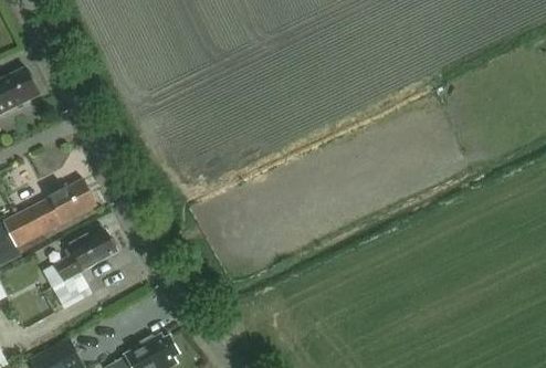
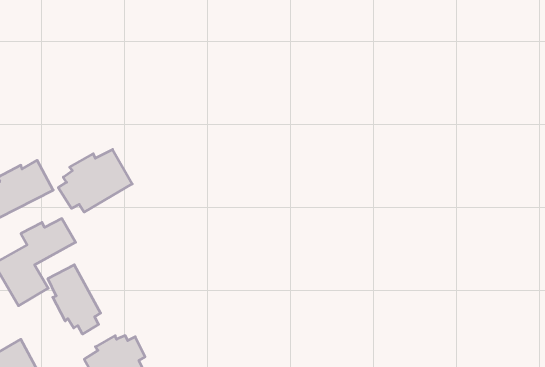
building: none -> [58,149,132,212]
building: none -> [48,265,101,334]

